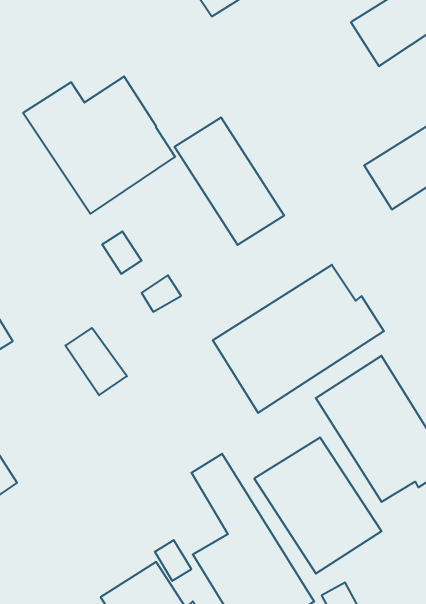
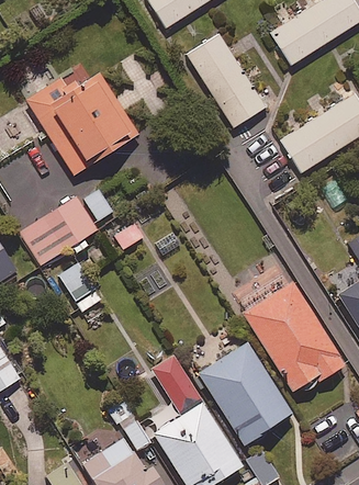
building: [174,118,284,245] -> [183,33,266,128]
building: none -> [21,195,98,264]
building: [213,265,384,413] -> none

